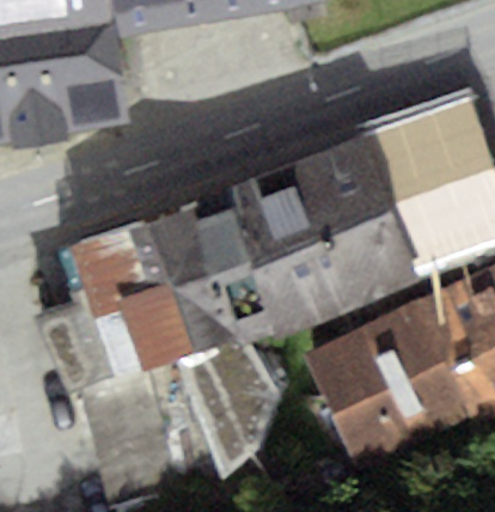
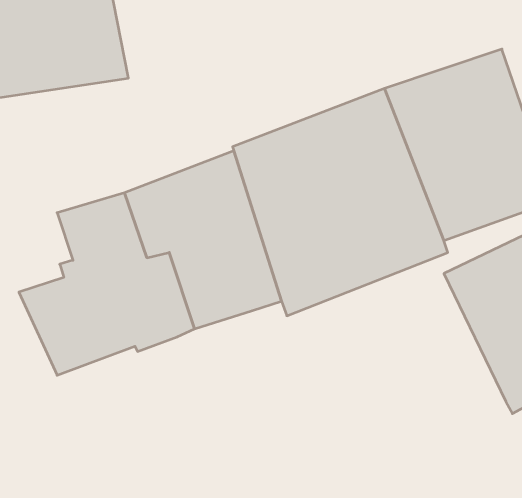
building: [305,300,475,474] -> none
building: [177,334,277,479] -> none

